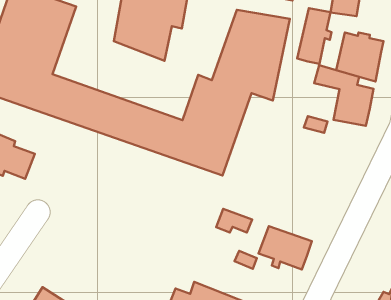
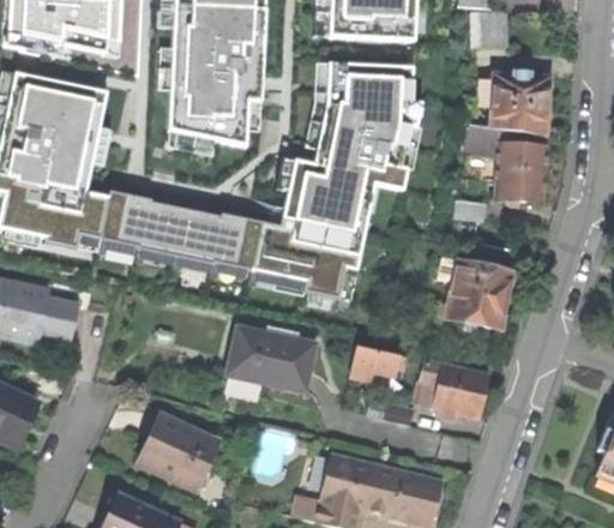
building: [297,8,331,64] -> none
building: none -> [438,244,514,329]
building: none -> [228,328,314,391]
building: none -> [138,412,218,488]

